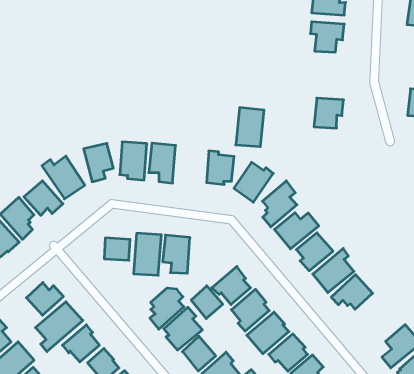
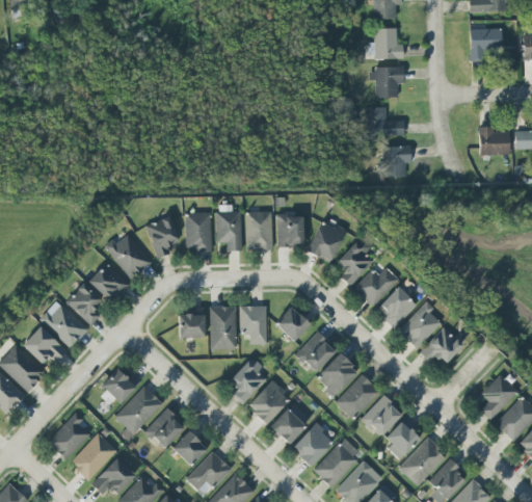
building: none -> [367,107,404,134]
building: [236,108,264,147] -> [246,211,272,250]
building: [191,286,223,319] -> [276,307,310,341]

